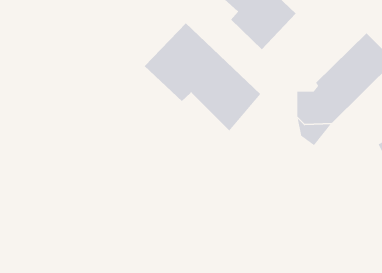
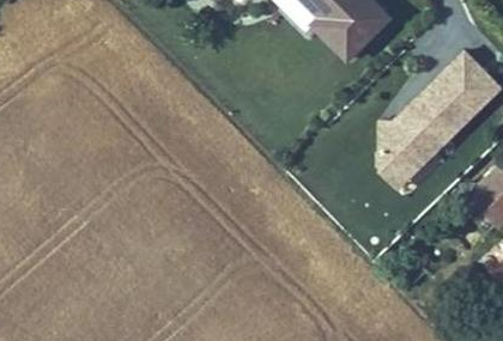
building: [144,22,261,131] -> none

